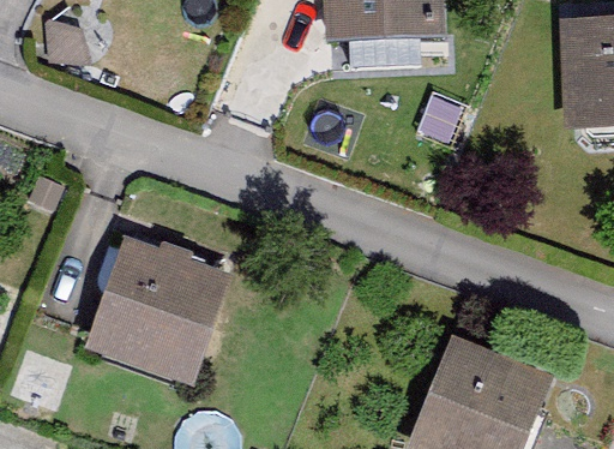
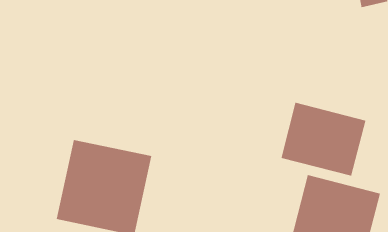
building: none -> [281,102,366,177]

